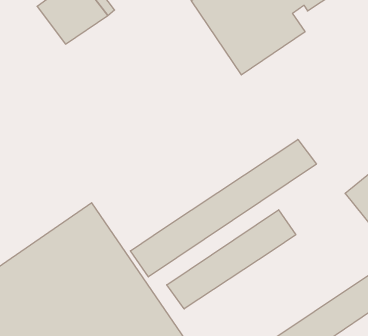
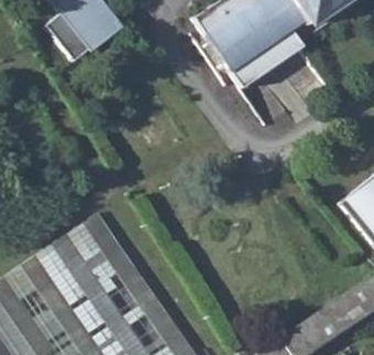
building: [130,139,316,277] -> none
building: [167,210,296,309] -> none

